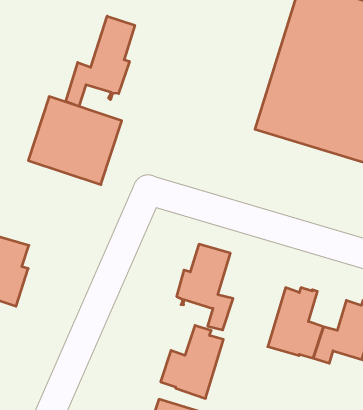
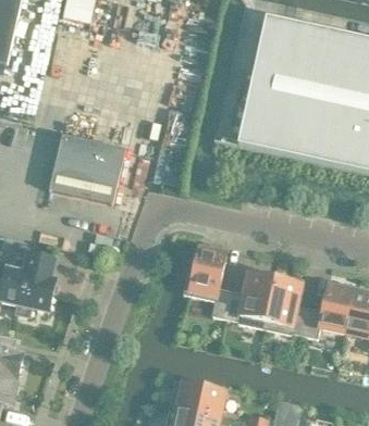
building: [66,16,135,106] -> none
building: [161,325,223,398] -> [224,266,274,327]

